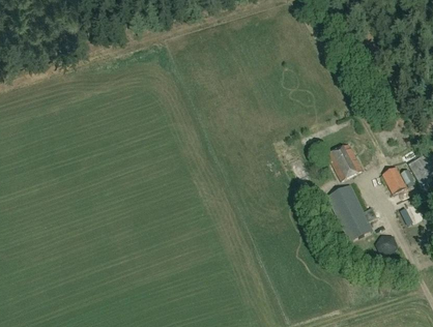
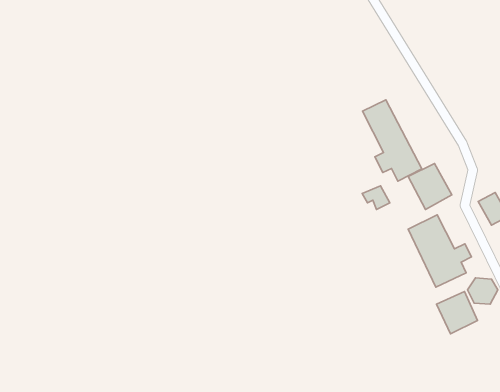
building: none -> [363,100,422,181]
building: none -> [436,292,478,334]

